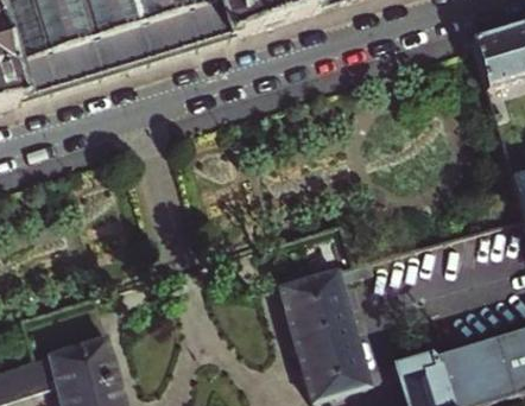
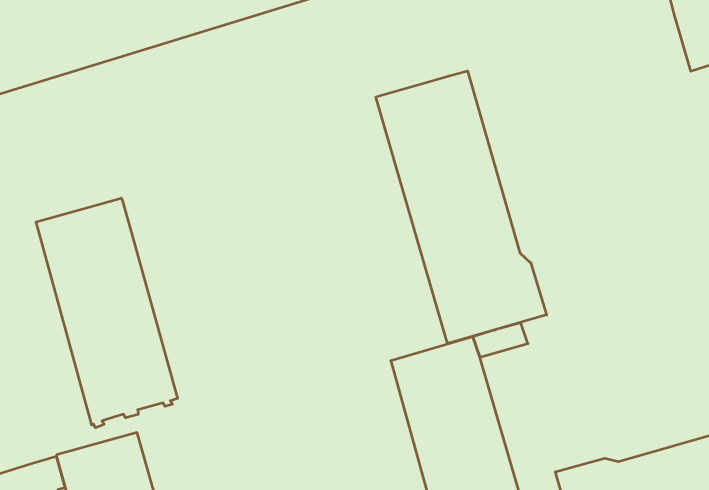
building: none -> [376,71,547,343]
building: none -> [36,198,178,428]

